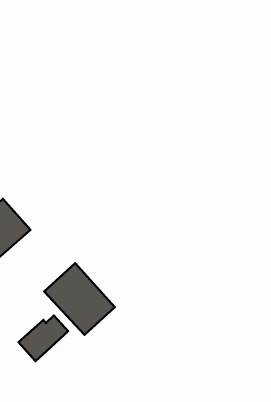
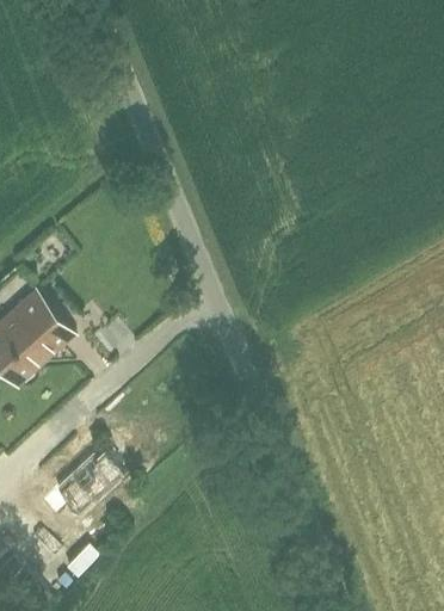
building: [44,263,115,335] -> none

